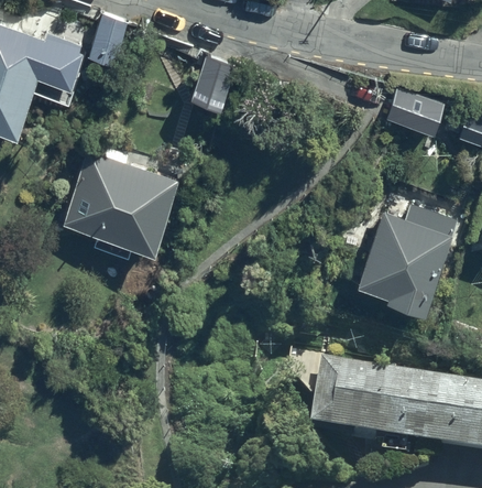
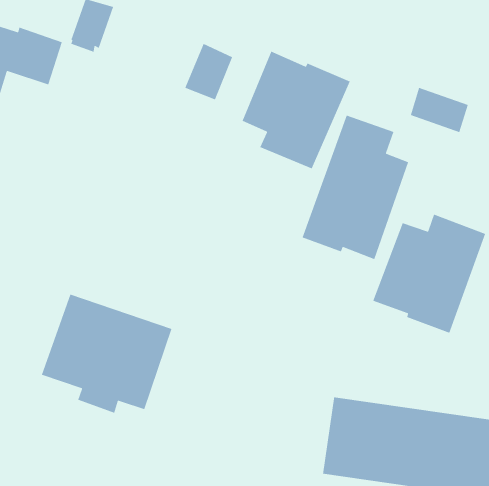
building: none -> [241,50,351,170]
building: none -> [301,115,409,260]
building: [64,152,179,258] -> [41,294,173,414]

